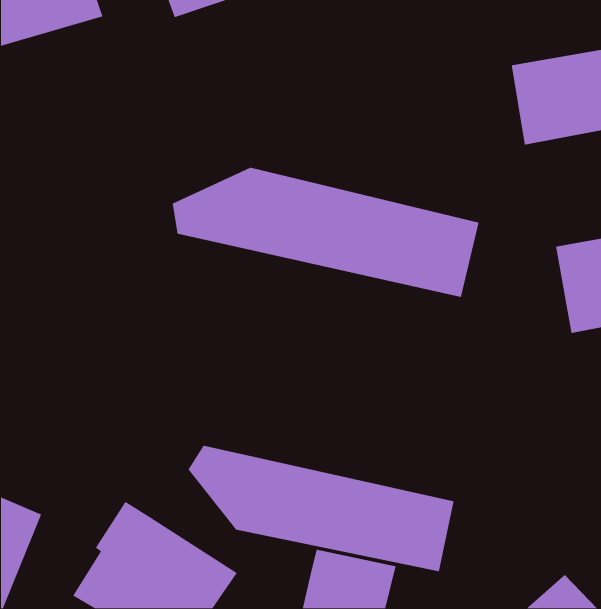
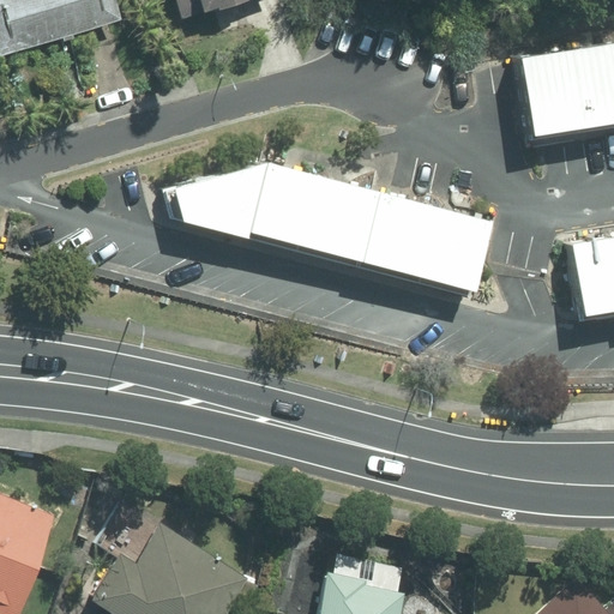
building: [187,445,454,572] -> none

